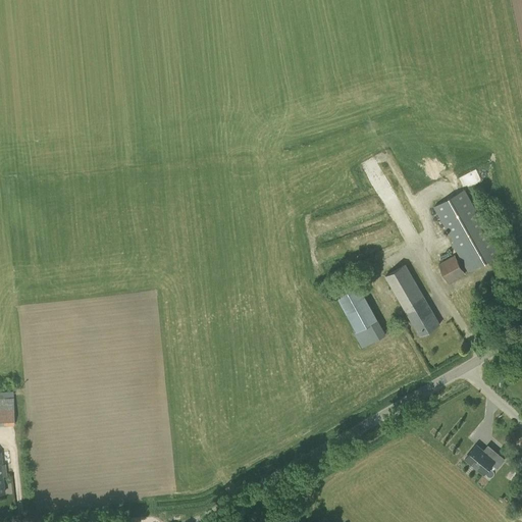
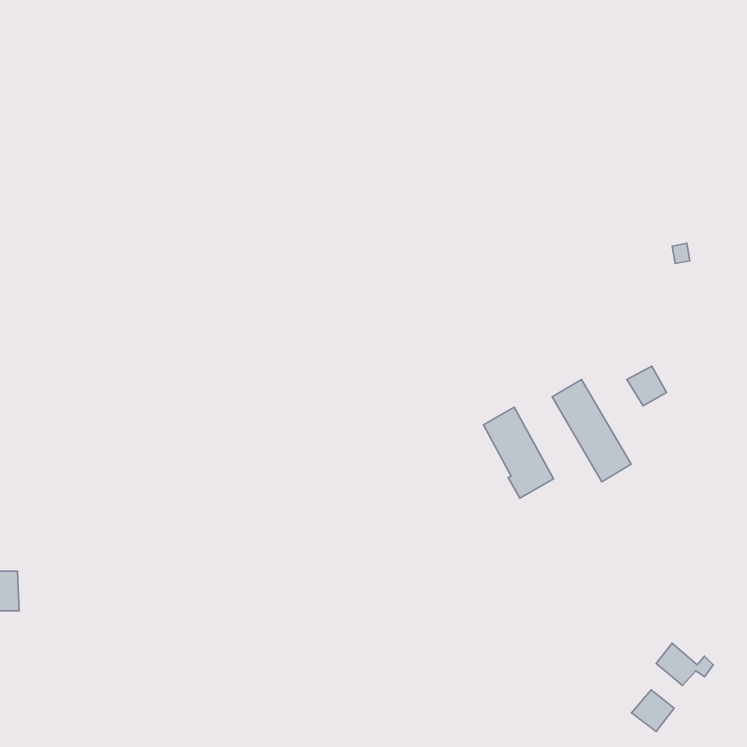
building: [432,190,501,273] -> none
building: none -> [631,690,674,732]

